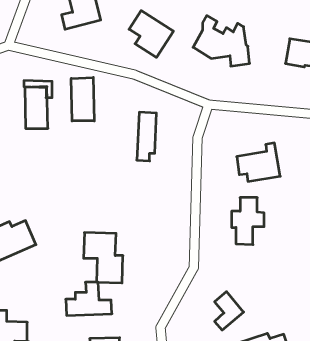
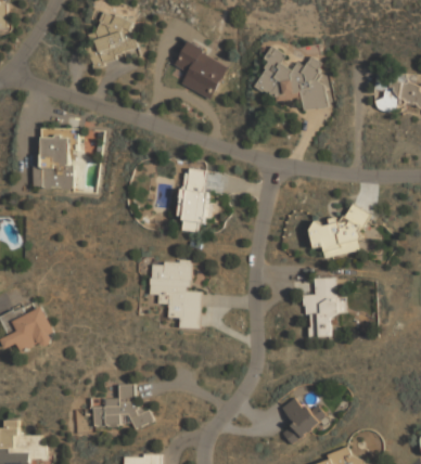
building: [71,77,94,121] -> none
building: [84,233,123,283] -> [150,262,200,326]

